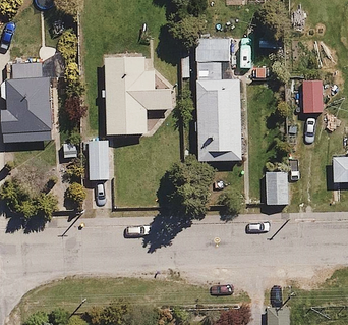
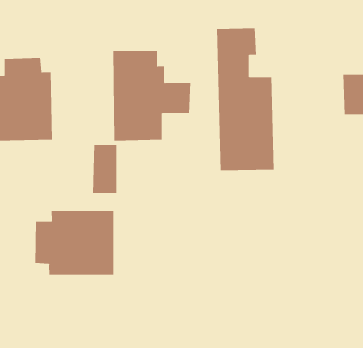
building: [265,170,289,206] -> none
building: none -> [35,210,114,275]

